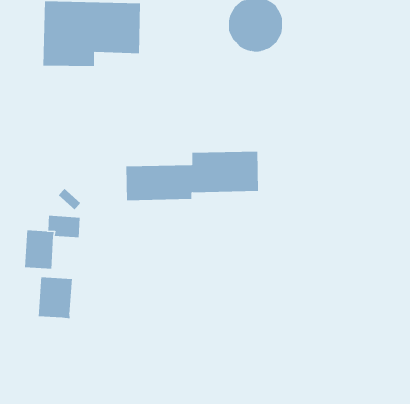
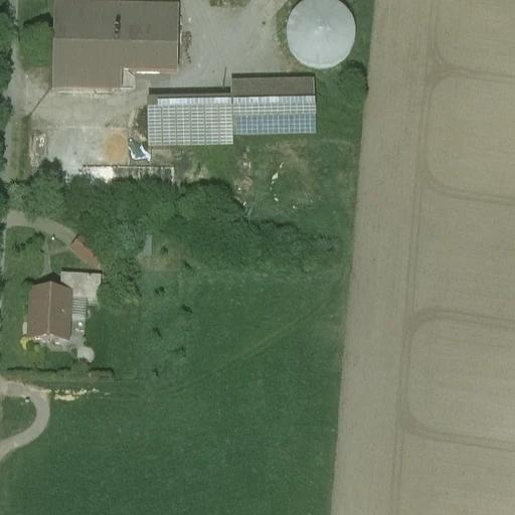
building: [126,151,259,201] -> [148,79,315,142]
building: [38,276,73,319] -> none

